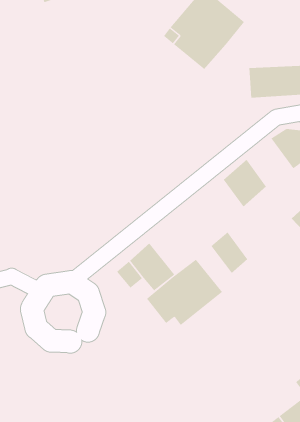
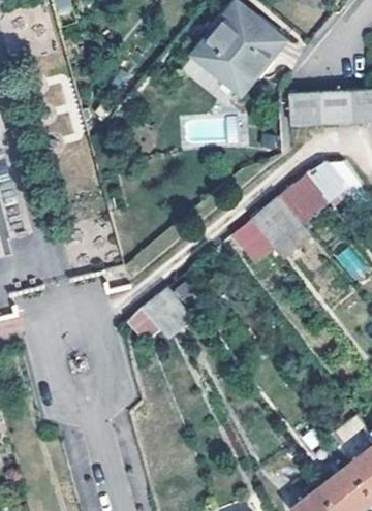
building: none -> [285,171,335,225]
building: [210,232,248,274] -> [239,218,281,265]
building: [146,259,223,326] -> none

